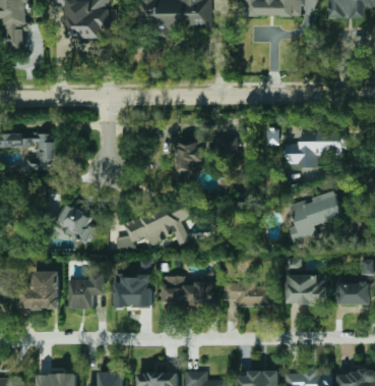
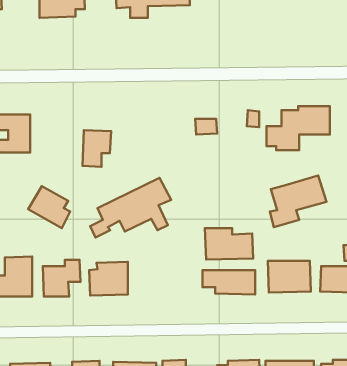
building: [175,139,202,174] -> [83,130,111,167]
building: [160,276,206,307] -> [205,228,253,260]

